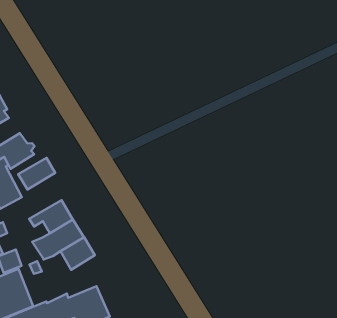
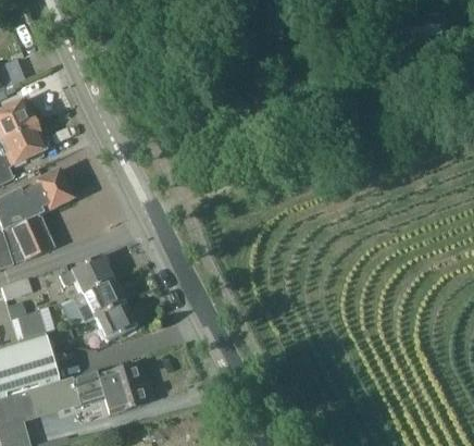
building: [18,158,55,189] -> none

